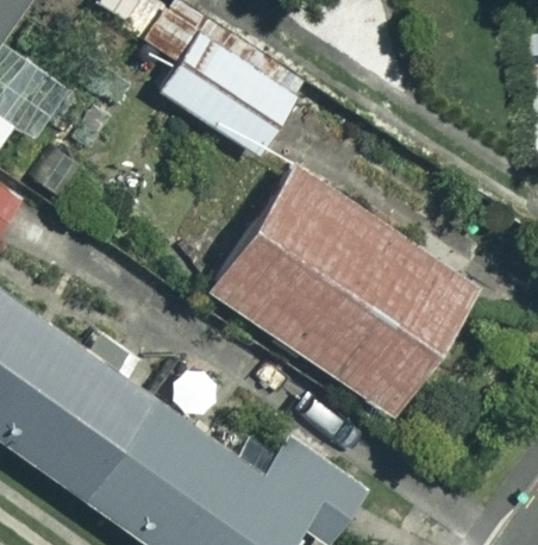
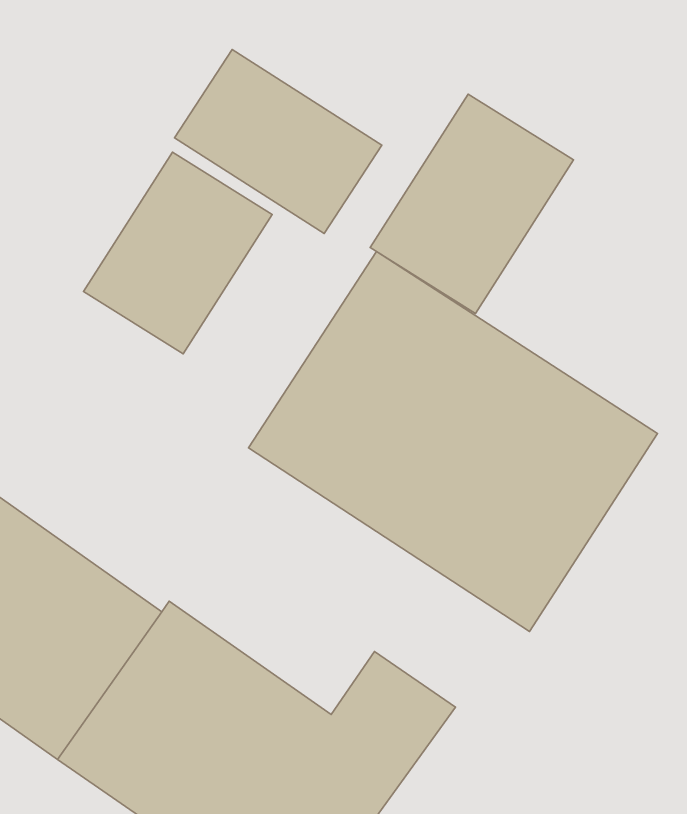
building: none -> [370,94,573,313]
building: none -> [84,152,272,354]

